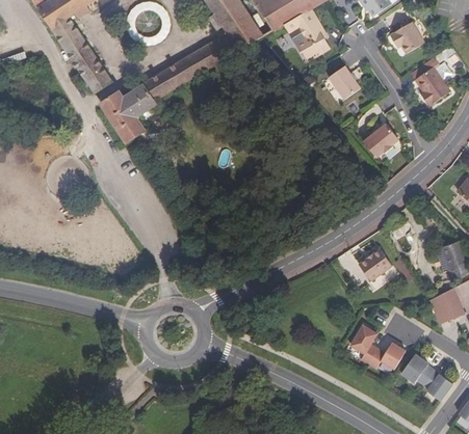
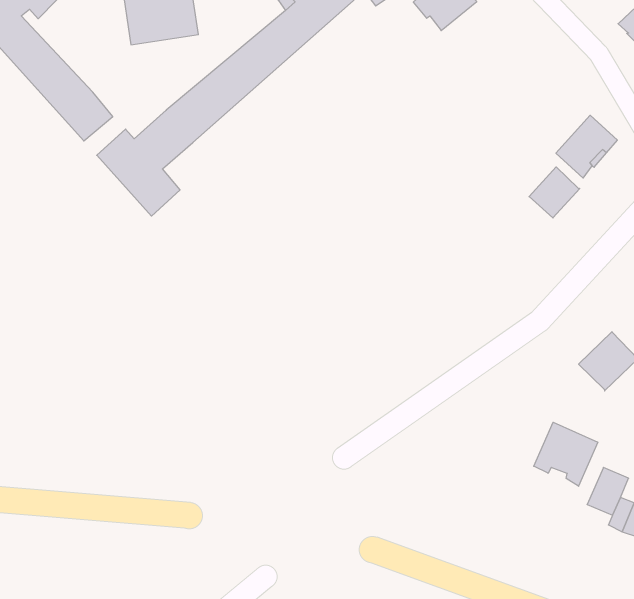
building: [328,65,360,100] -> none
building: none -> [529,167,580,218]
building: none -> [534,422,598,486]

